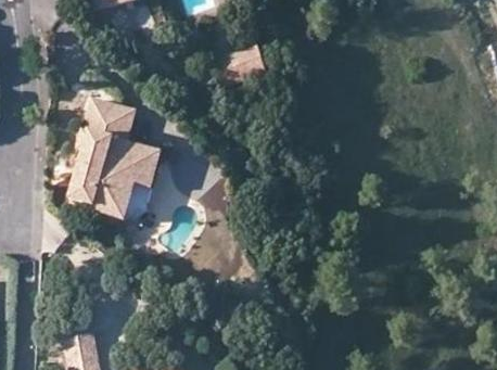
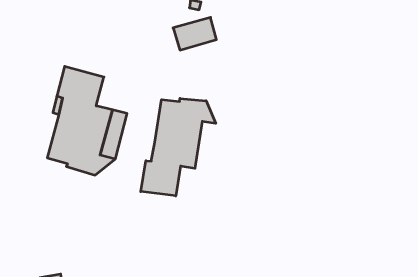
building: none -> [141,98,216,196]

